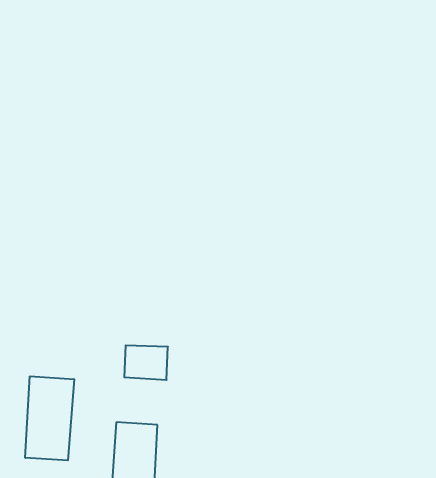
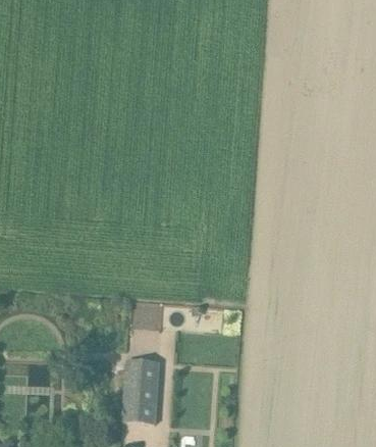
building: [25,376,74,460] -> none

